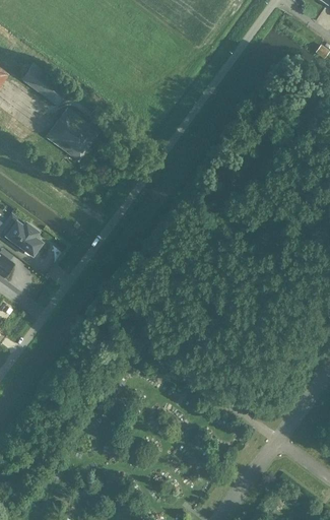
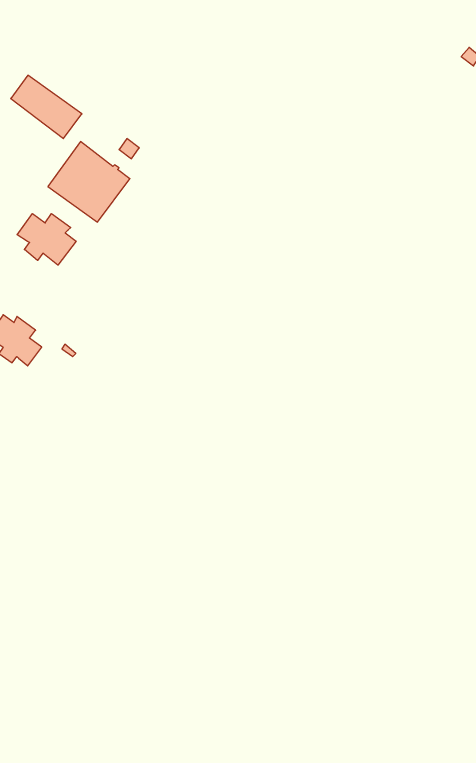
building: none -> [17,214,76,265]

